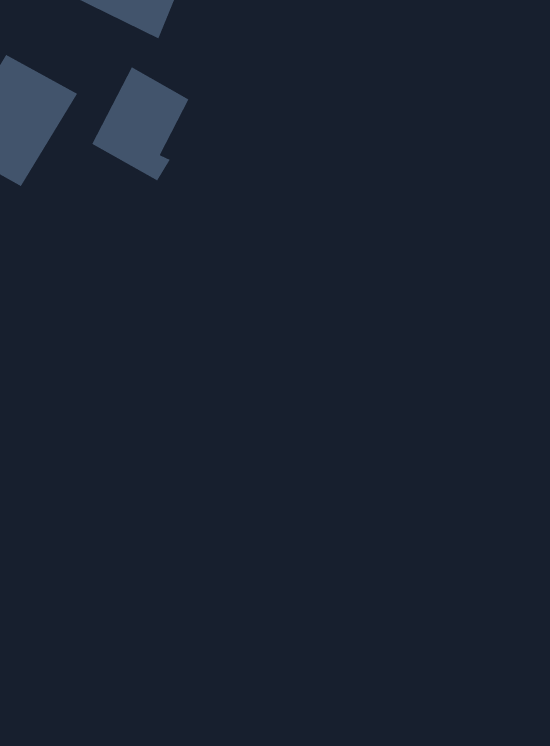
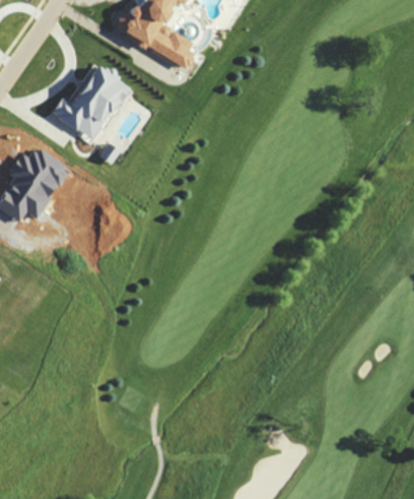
building: [91,66,190,181] -> none

